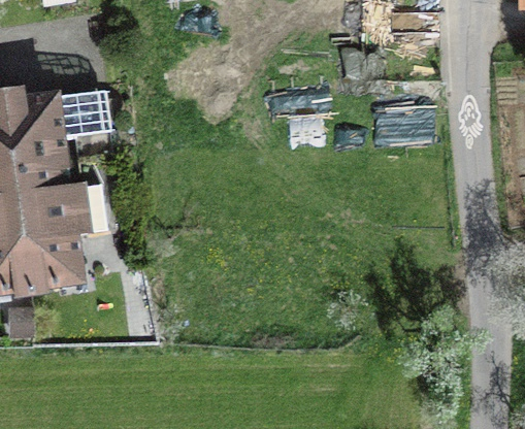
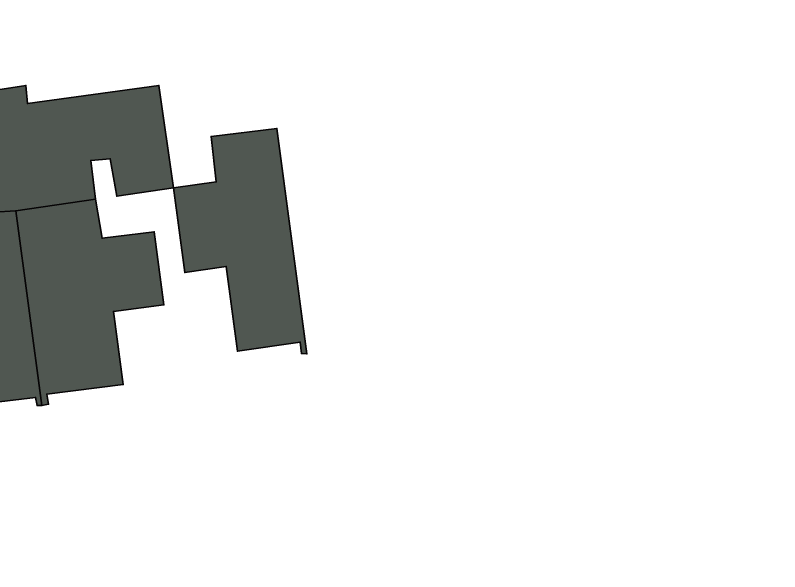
building: none -> [174,129,307,354]

